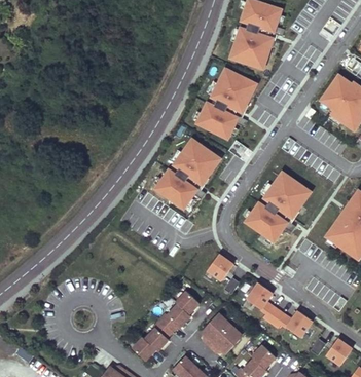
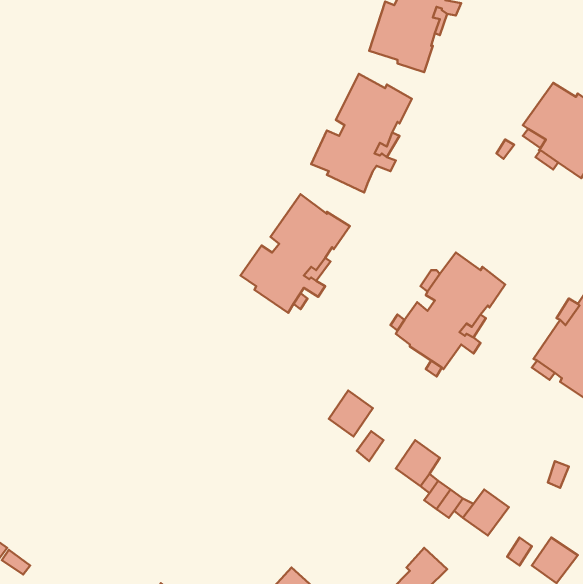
building: [133,292,200,362] -> none
building: [202,316,240,354] -> none

